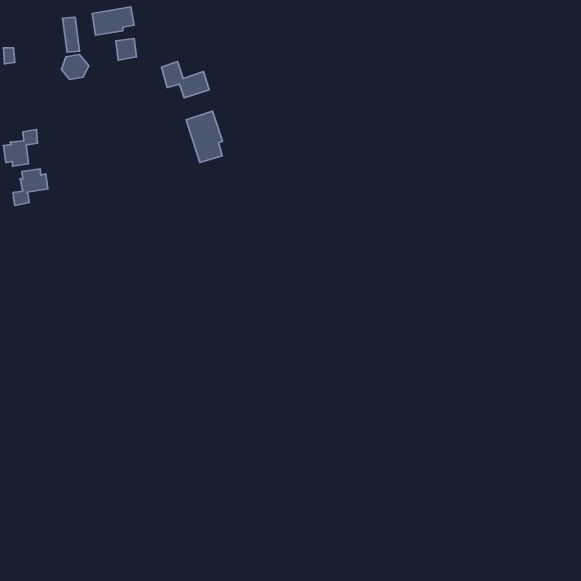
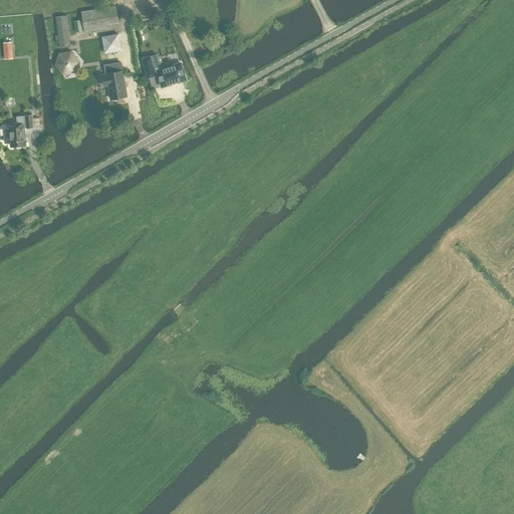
building: none -> [102,62,126,98]
building: [186,111,222,163] -> none
building: [13,169,48,205] -> none

